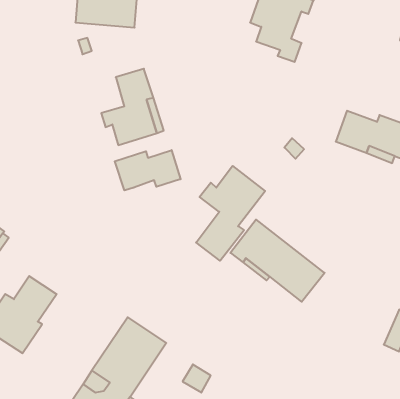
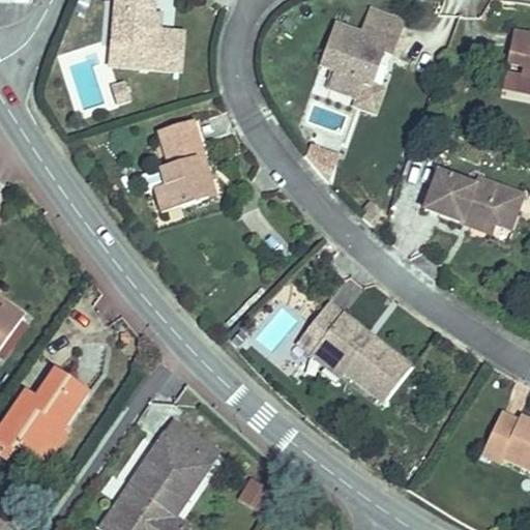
building: [115,150,181,190] -> none
building: [196,166,265,261] -> none

